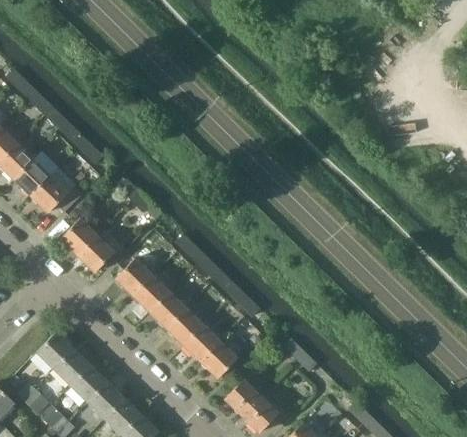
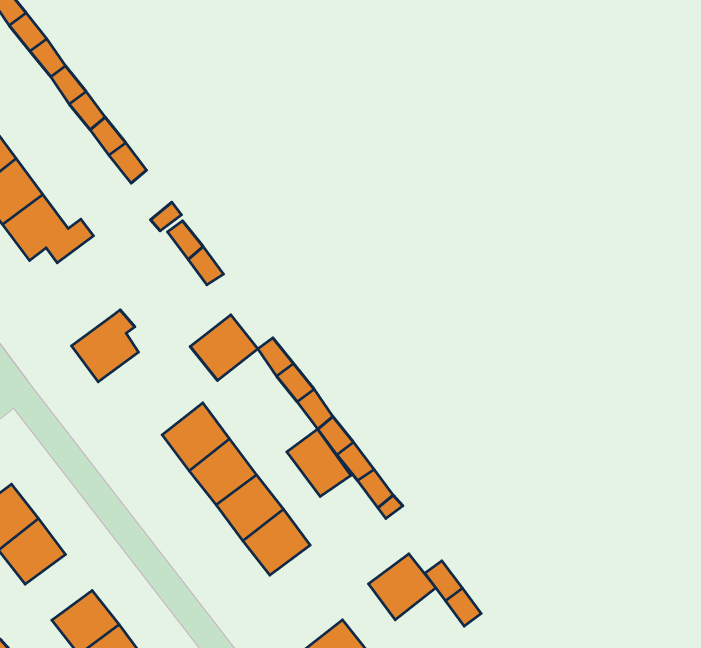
building: [61,219,97,255] -> none
building: [116,259,152,295] -> [190,315,258,381]
building: none -> [287,429,351,496]
building: [201,342,237,378] -> [369,554,436,620]
building: [72,366,108,402] -> none

